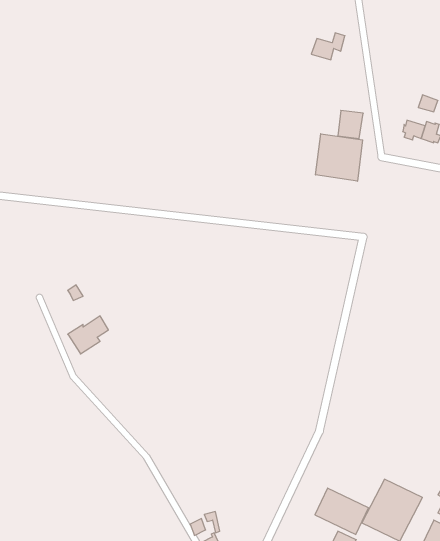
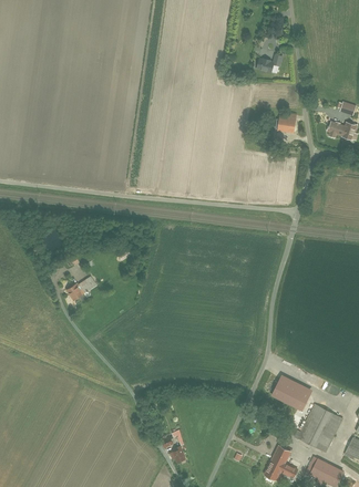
building: [316,134,363,181] -> none
building: [315,488,368,534] -> [273,373,315,410]

